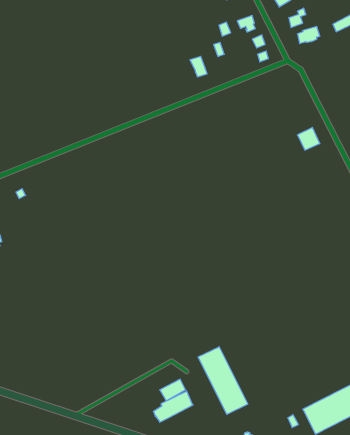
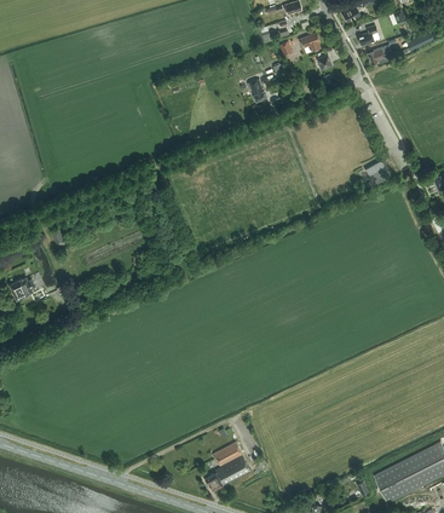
building: [198,347,248,414] -> none

